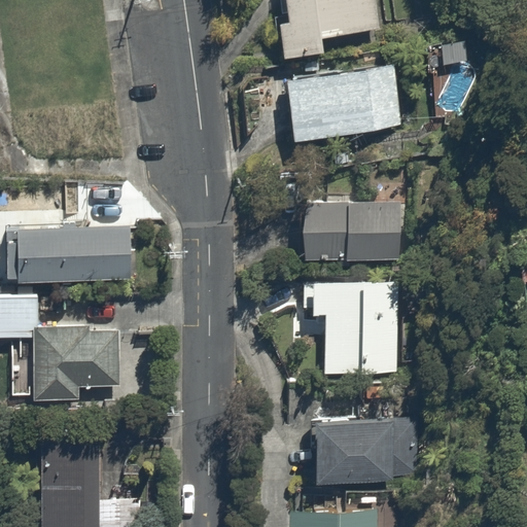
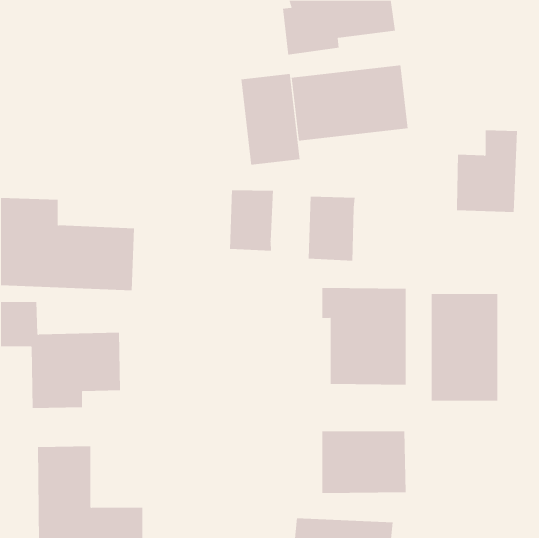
building: none -> [241,73,300,165]
building: [346,182,406,262] -> [456,130,518,213]
building: none -> [229,189,273,251]
building: none -> [431,293,498,401]

